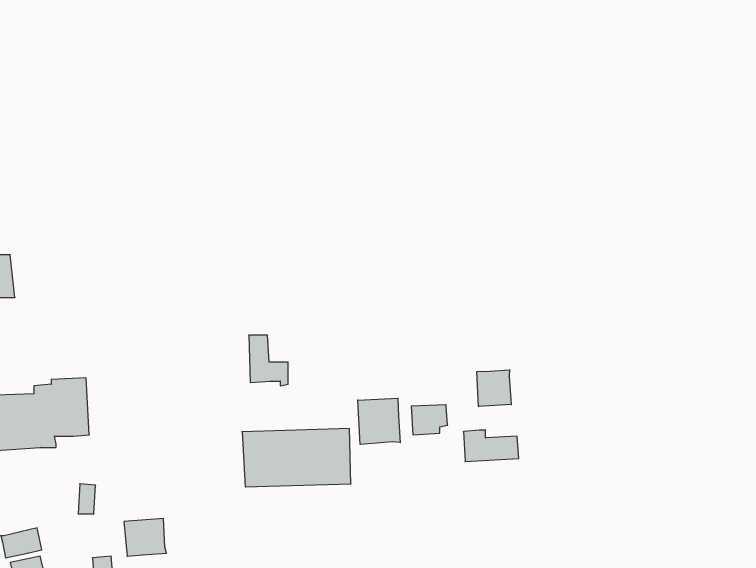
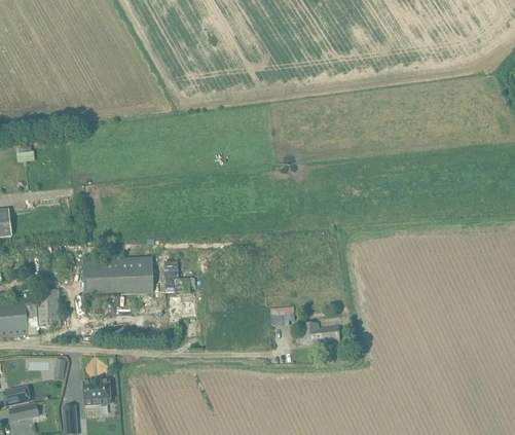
building: [477,370,511,407] -> none
building: [358,398,400,444] -> none
building: [242,429,351,487] -> [82,256,153,294]

